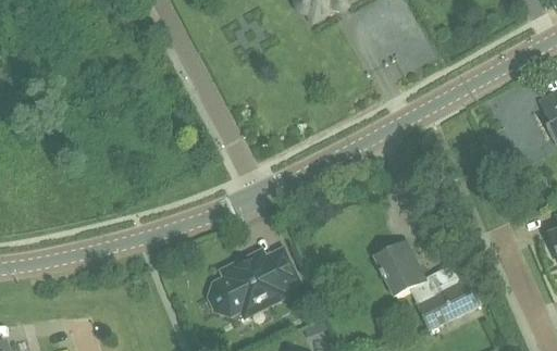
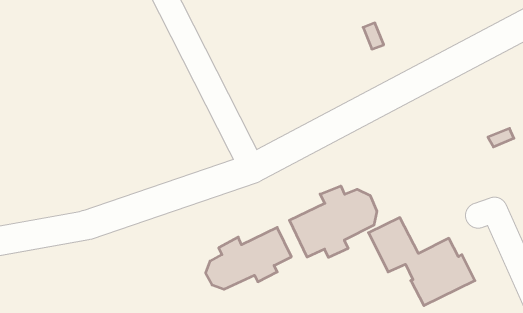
building: none -> [289,186,377,257]

